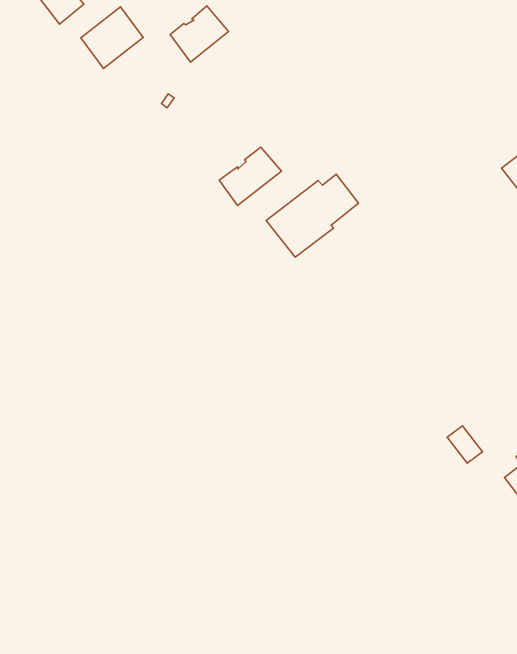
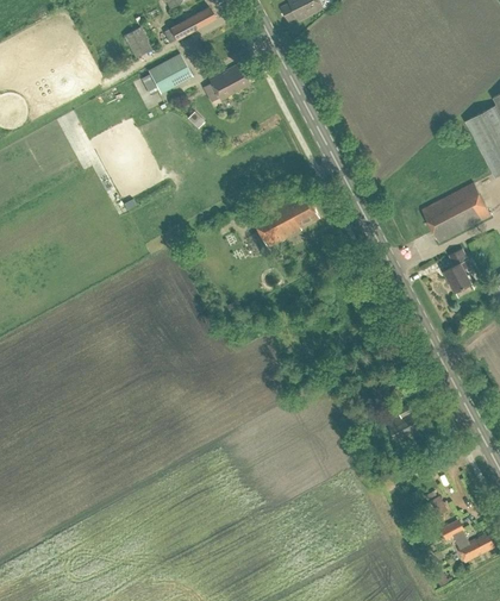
building: [219,147,282,205] -> none

